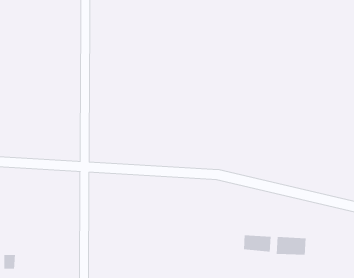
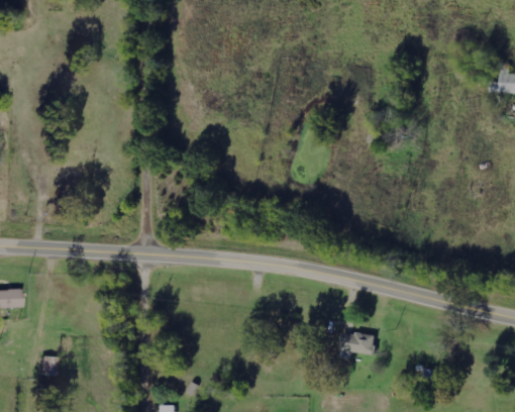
building: [276,236,307,255] -> none

